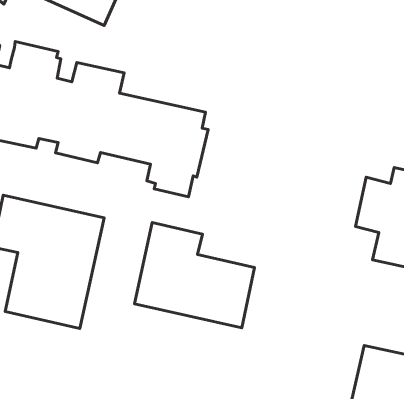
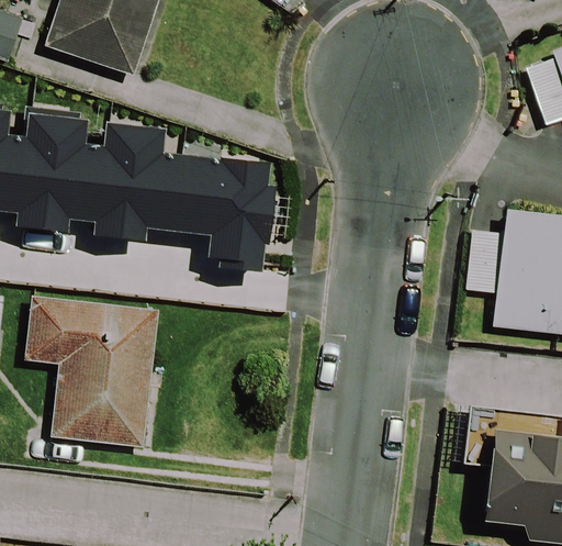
building: [134,223,255,328] -> none

